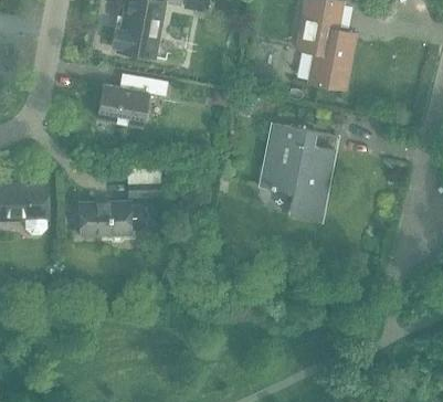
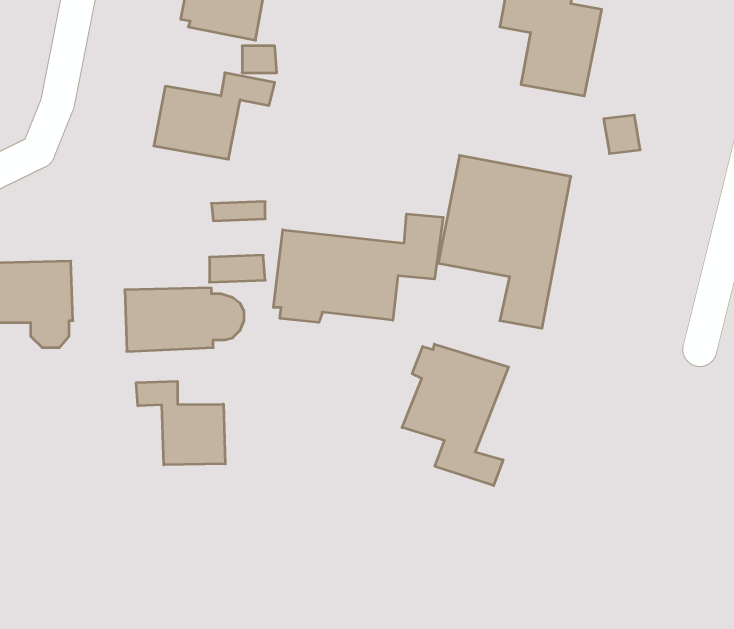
building: none -> [274,214,443,322]
building: none -> [402,344,509,486]
building: none -> [136,381,225,465]

